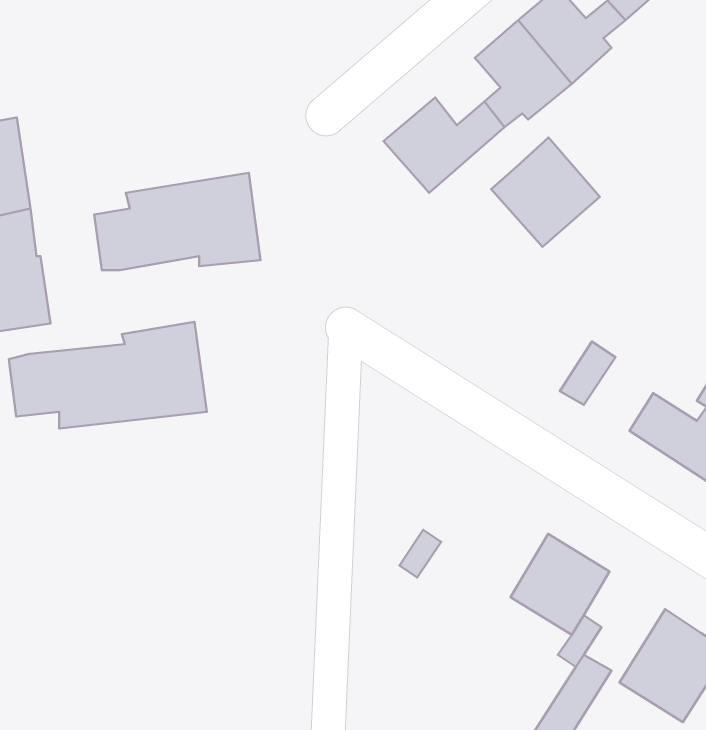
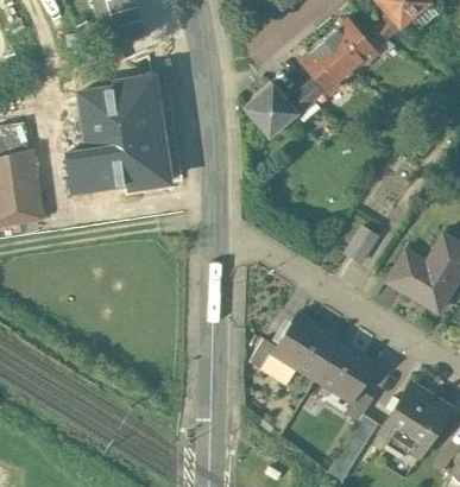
building: none -> [59,77,160,140]
building: [491,137,600,247] -> none
building: [9,322,207,429] -> none
building: none -> [275,318,340,382]

